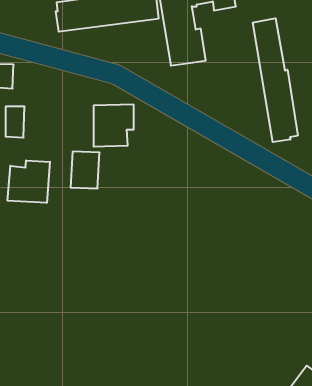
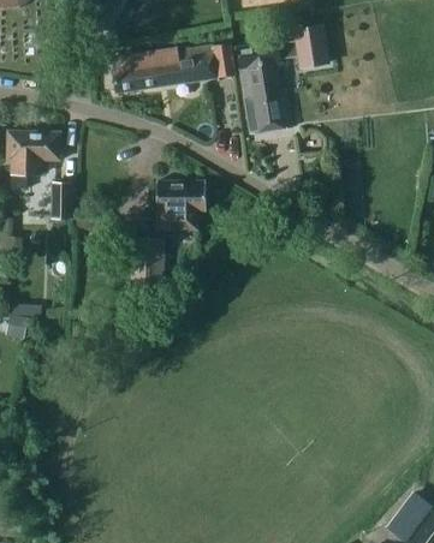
building: [253,18,298,142] -> none
building: [8,160,50,203] -> none

